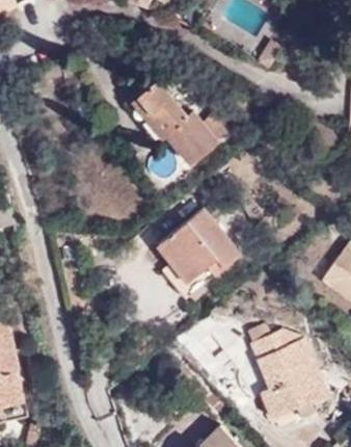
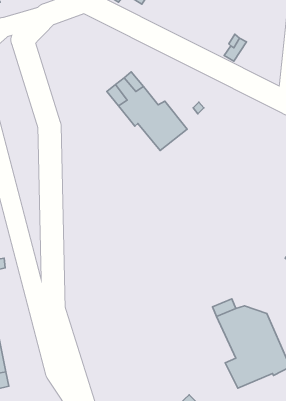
building: [157,210,239,287] -> none

